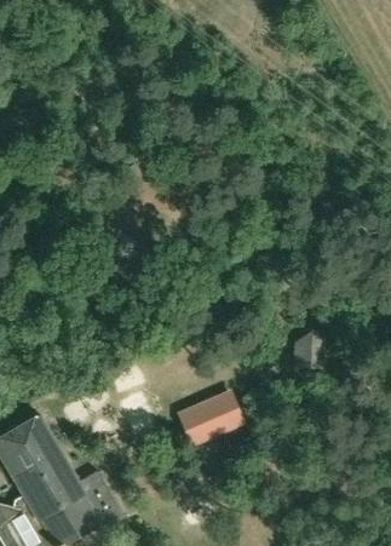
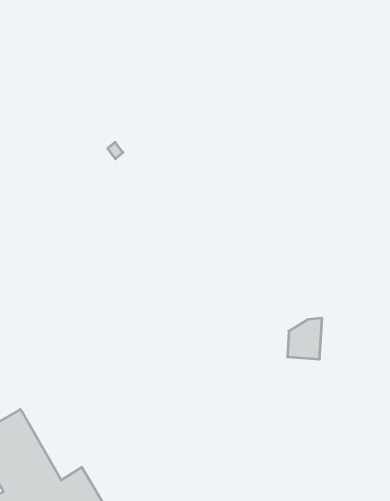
building: [179,391,241,443] -> none

